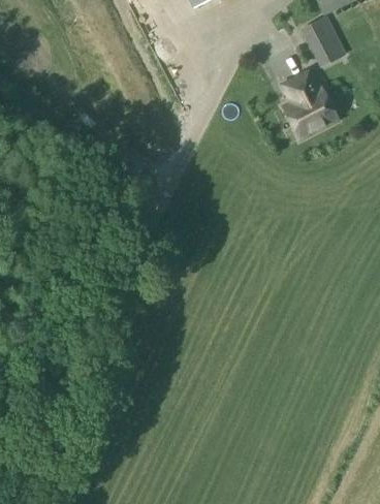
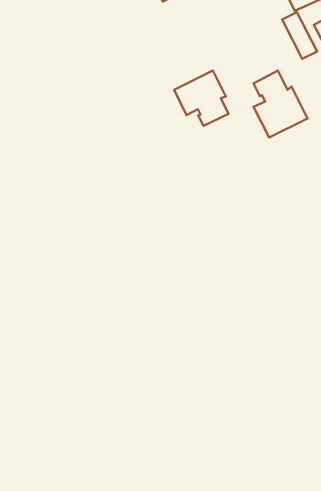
building: none -> [174,70,229,126]

